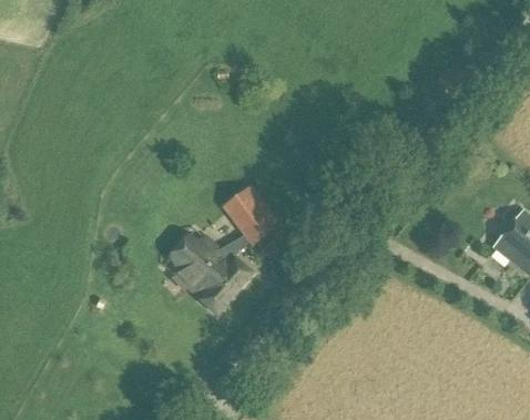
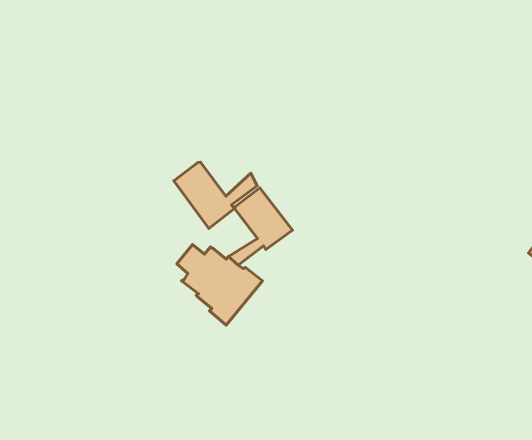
building: none -> [174,162,257,228]

